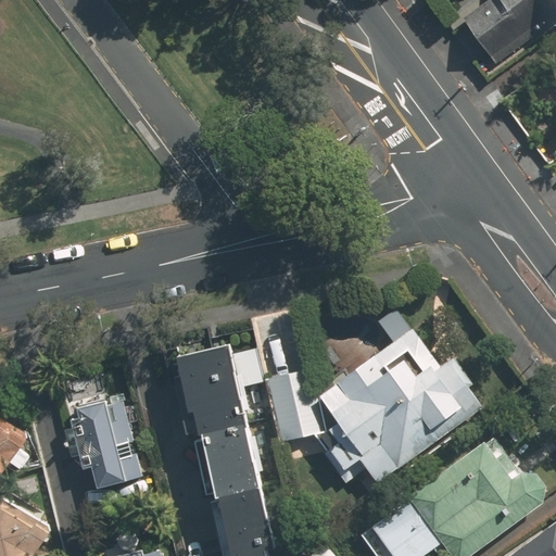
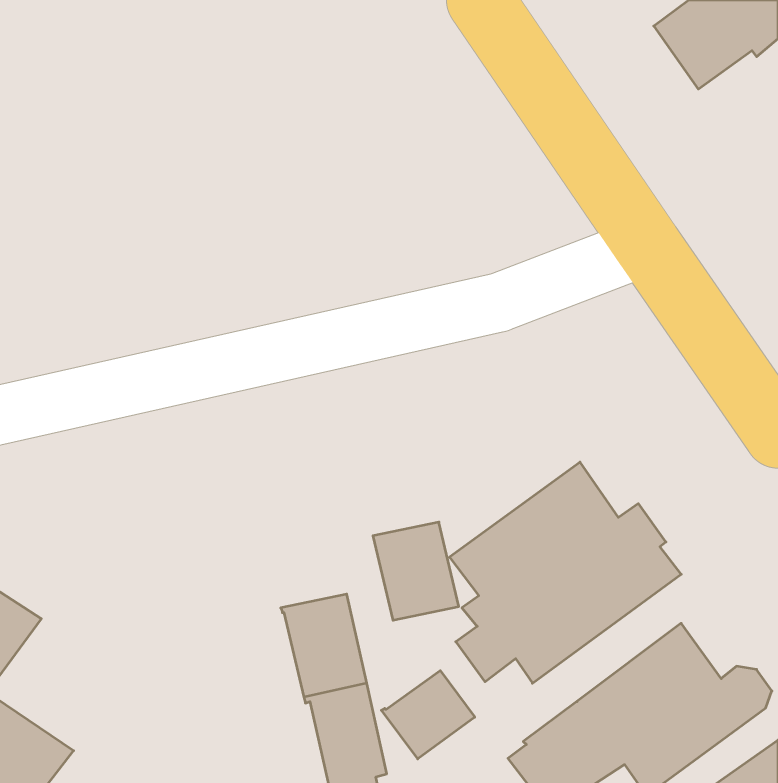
building: [176,344,245,431] -> none
building: [68,403,138,489] -> none
building: none -> [381,671,475,759]

